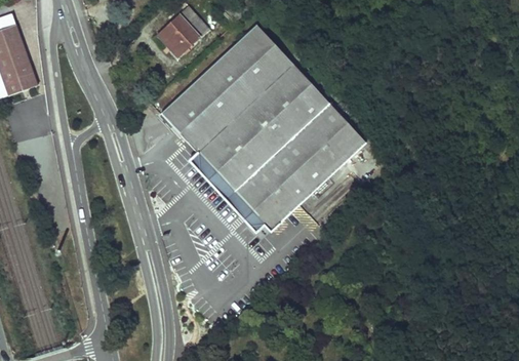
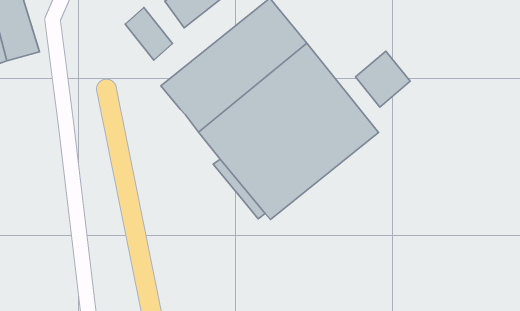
building: none -> [125,7,172,60]
building: none -> [355,51,410,107]

